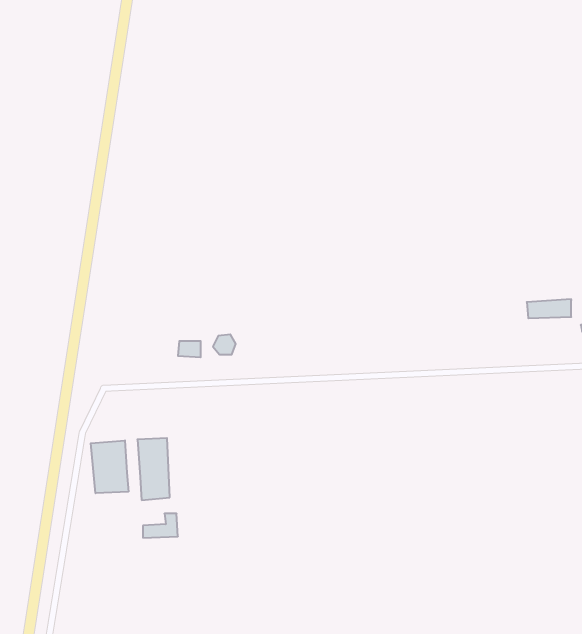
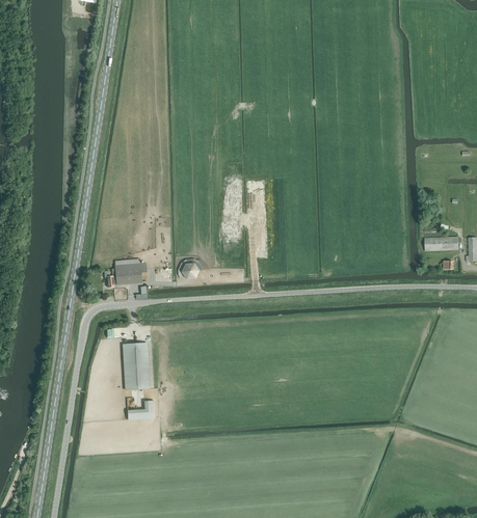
building: none -> [104,263,147,287]
building: [91,440,128,493] -> none

